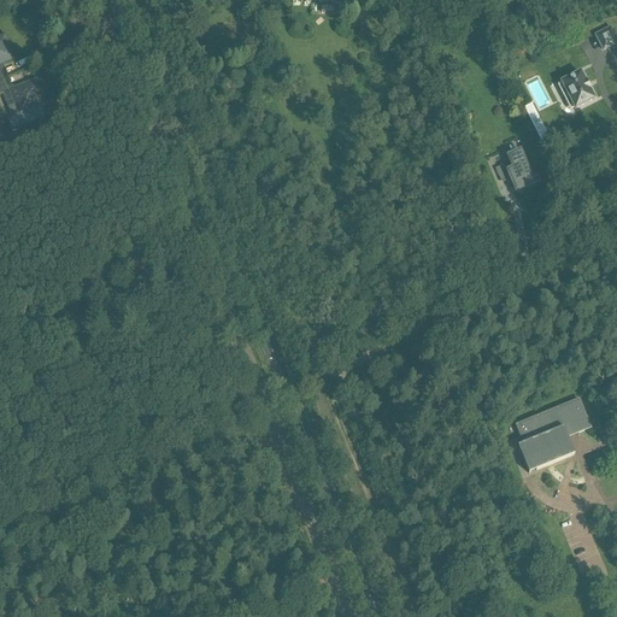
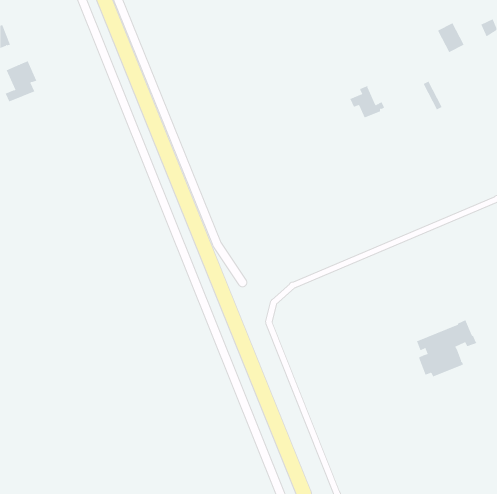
building: [559,67,593,105] -> [437,23,464,53]
building: [495,148,539,189] -> [350,85,385,118]

